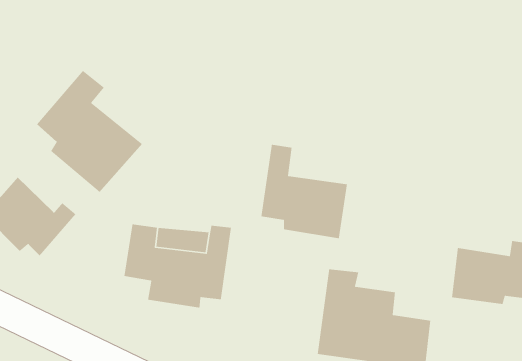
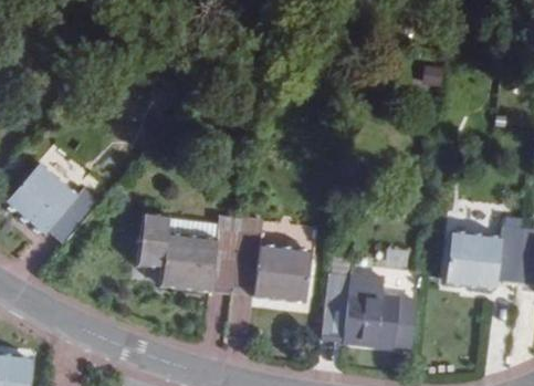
building: [36,70,143,193] -> none
building: [261,144,348,239] -> [235,221,317,311]

